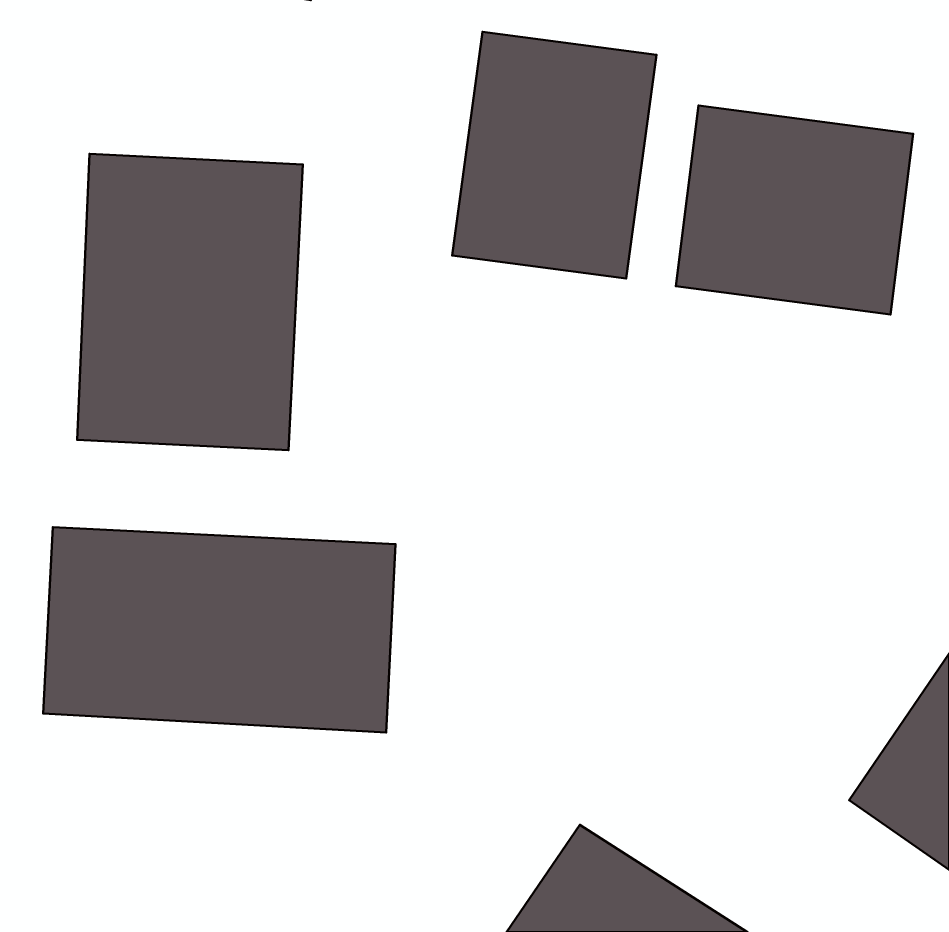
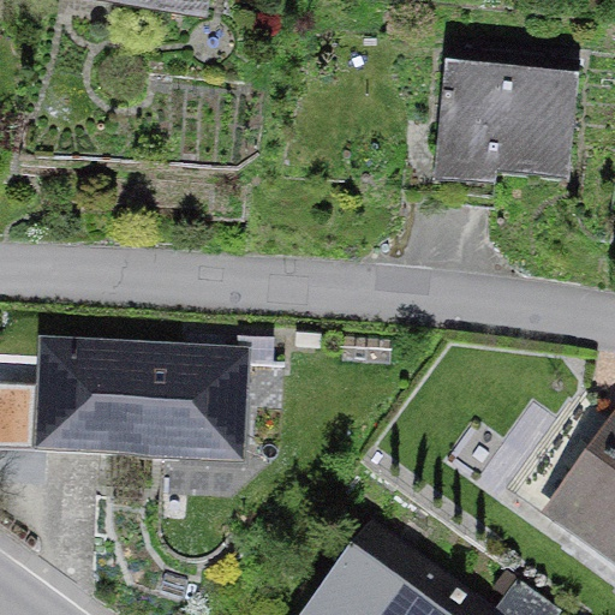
building: [452,32,657,278] -> none
building: [77,154,303,450] -> none

